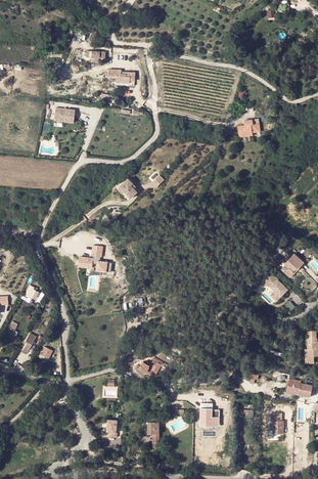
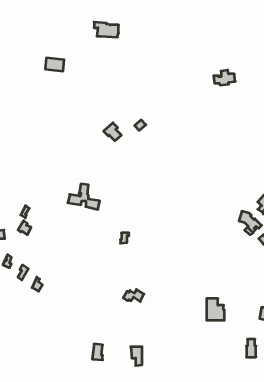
building: [201,402,221,426] -> [207,299,224,320]

